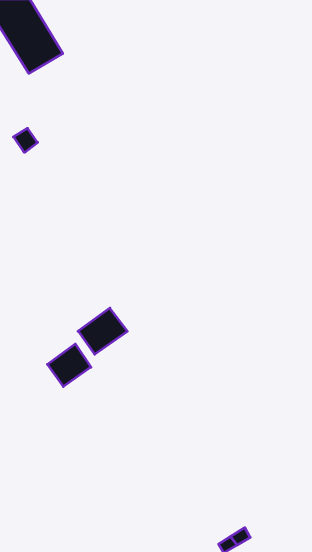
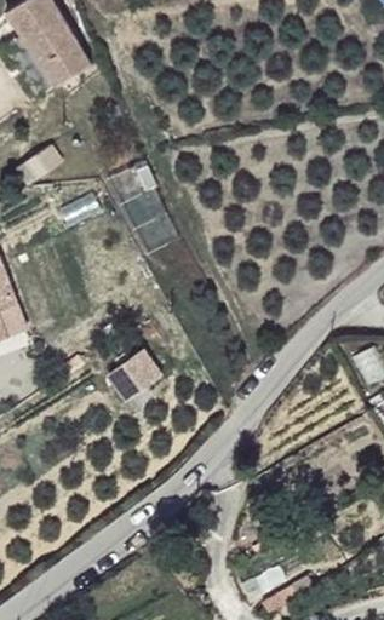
building: [47,344,91,387] -> none

